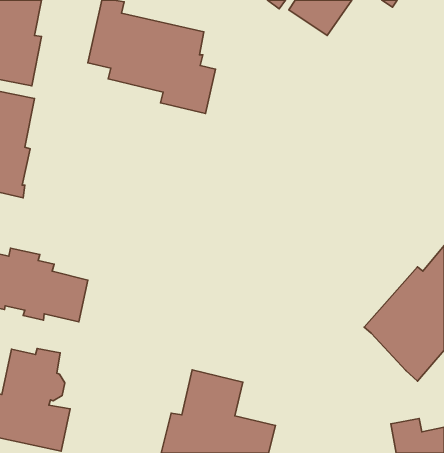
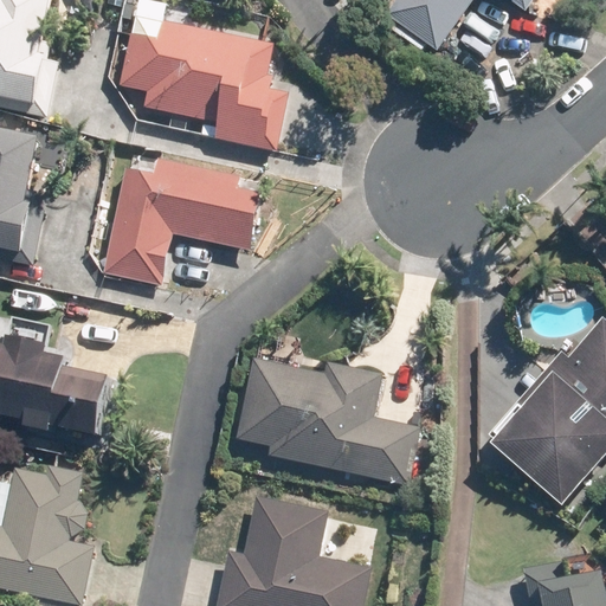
building: none -> [101,156,263,282]
building: none -> [236,359,417,484]

